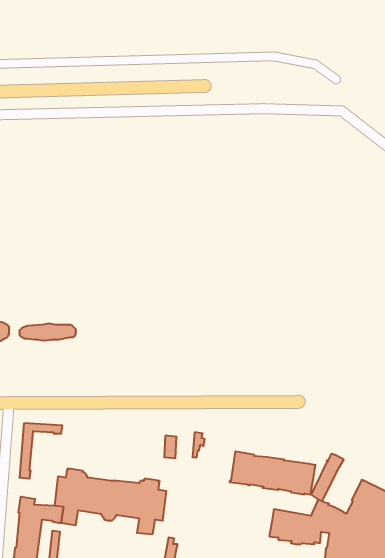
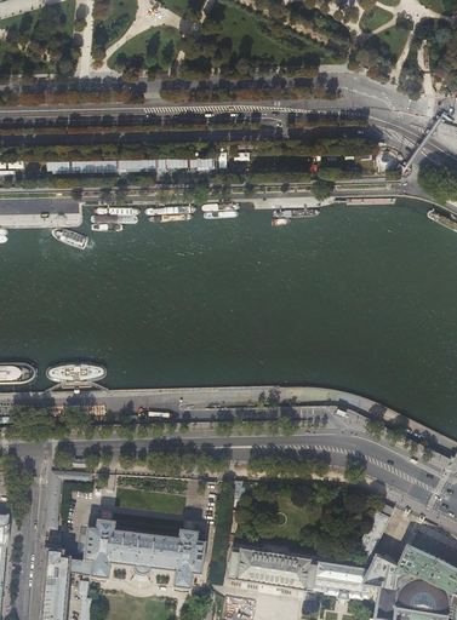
building: [230,451,316,494] -> [228,546,320,592]

